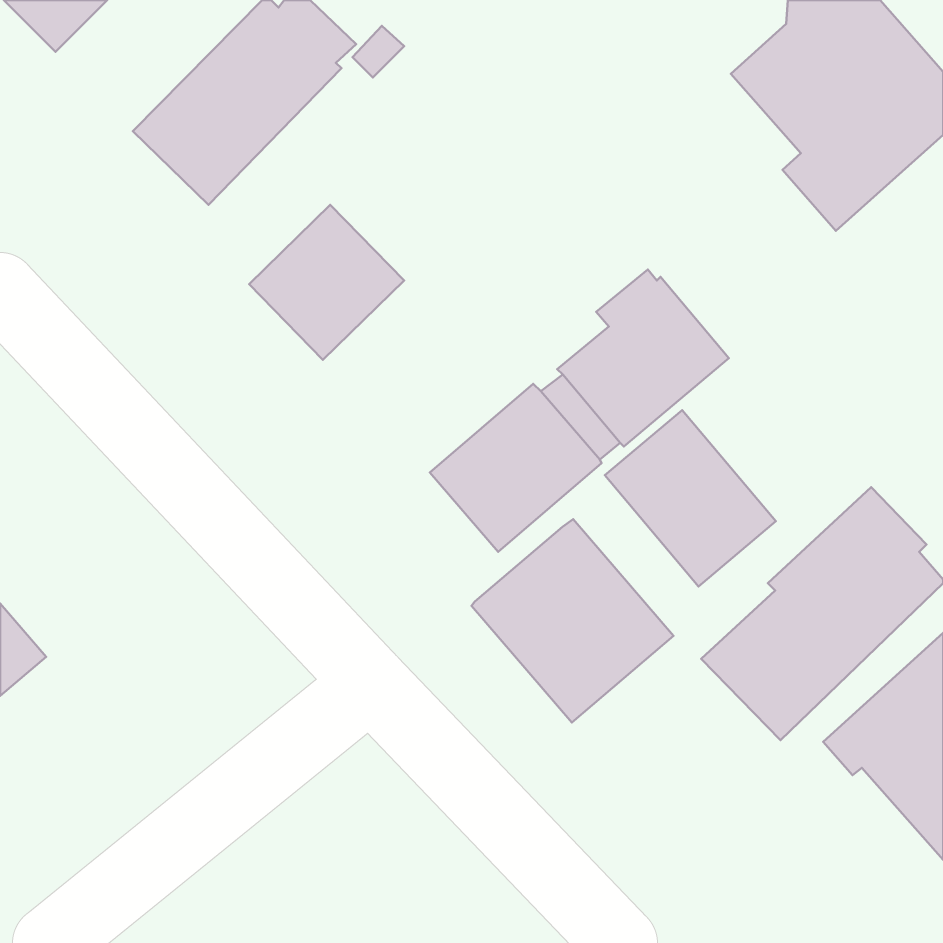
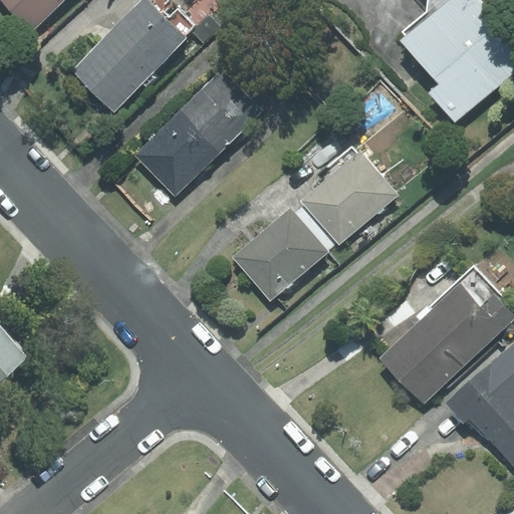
building: none -> [180,69,263,153]
building: [605,410,776,586] -> none
building: [472,519,673,723] -> none

